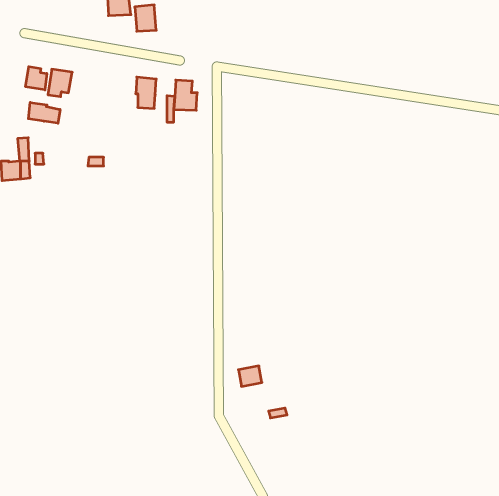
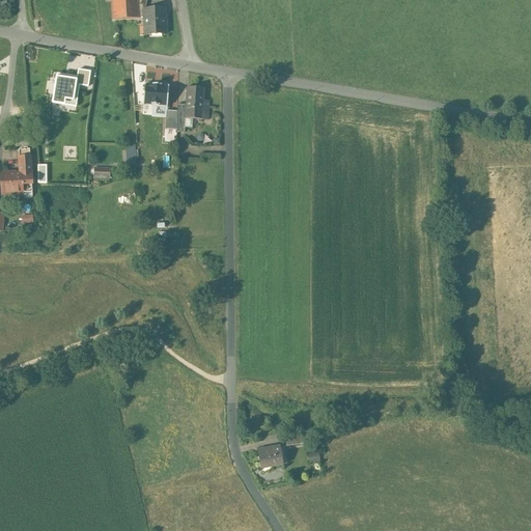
building: [26,67,47,90] -> none
building: [28,102,60,123] -> none
building: [238,366,262,386] -> [257,444,282,466]

